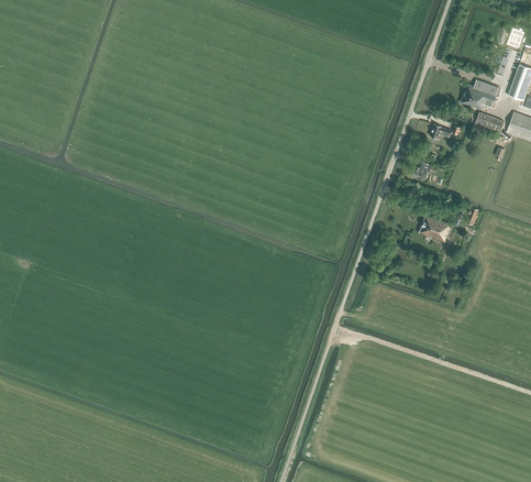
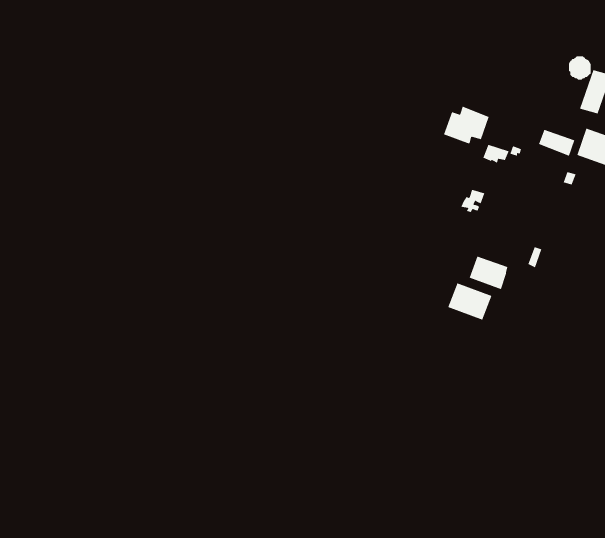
building: [461,78,498,109] -> [443,106,490,144]
building: none -> [448,282,492,321]

